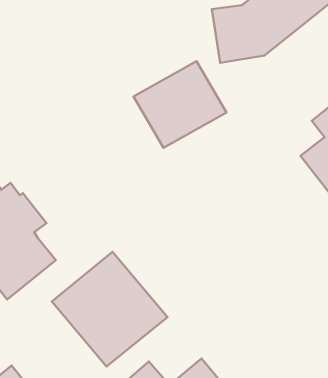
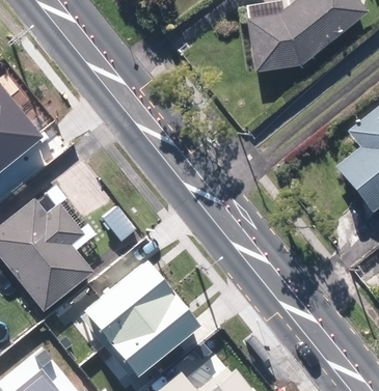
building: [134,61,227,148] -> none

